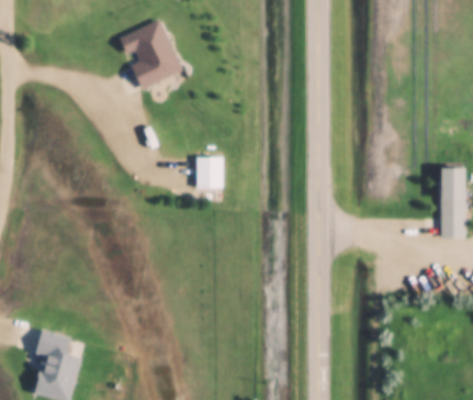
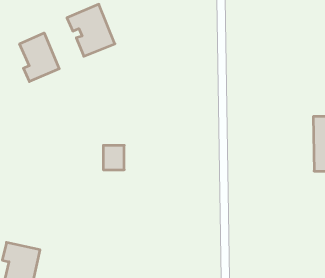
building: none -> [20,33,59,82]
building: [195,156,223,188] -> [103,145,124,170]

